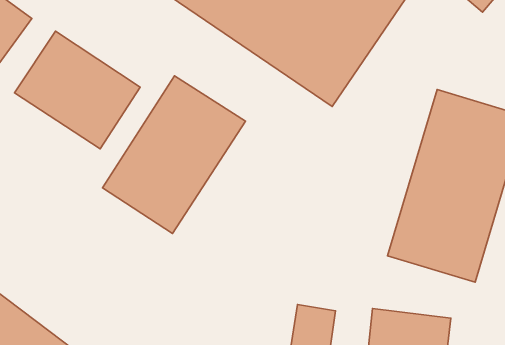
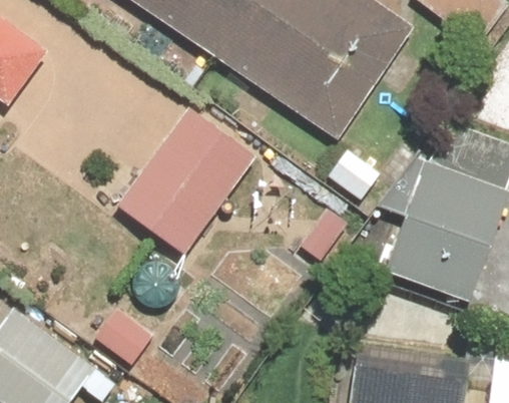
building: [15,31,140,149] -> none

